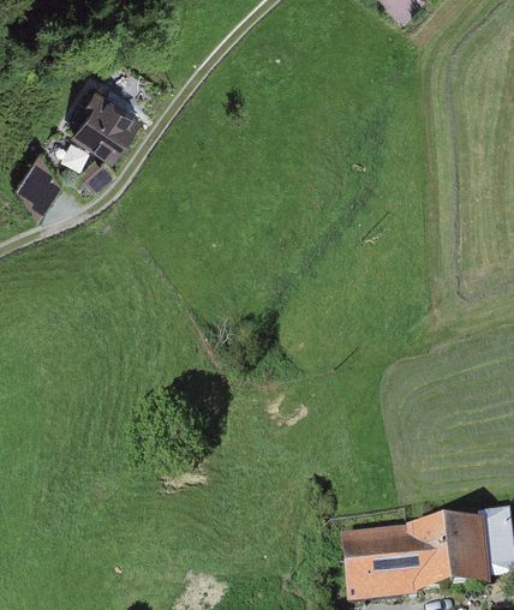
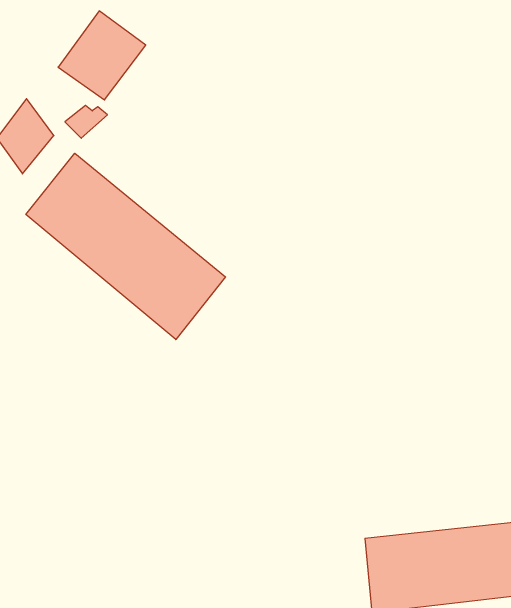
building: none -> [26,153,226,340]

